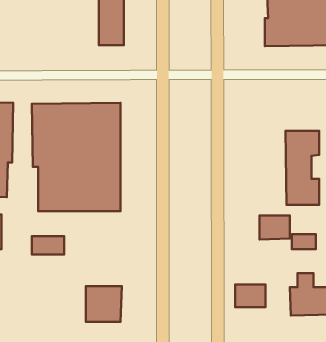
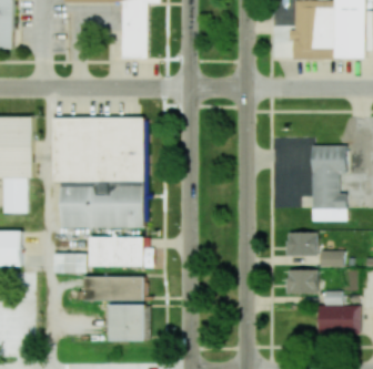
building: none -> [89,236,152,266]
building: none -> [83,275,144,300]
building: [235,284,266,307] -> [285,269,316,293]

